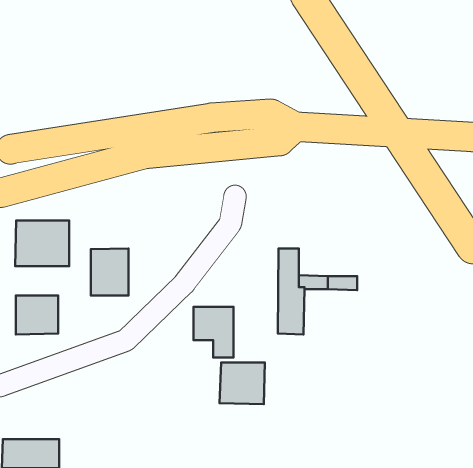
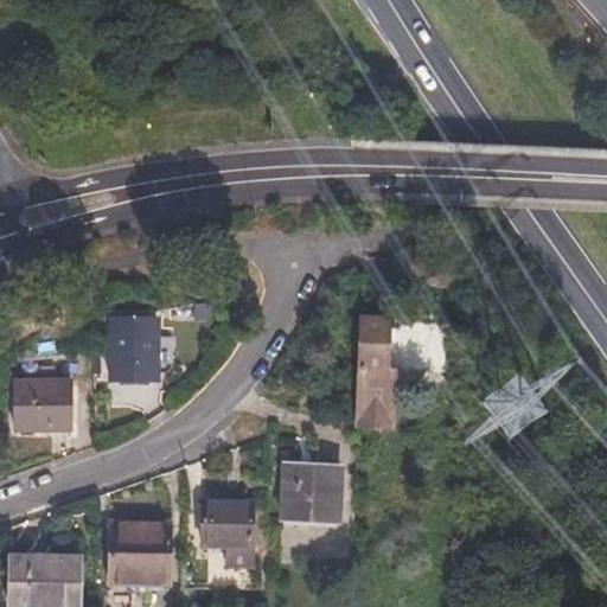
building: [15,220,69,266] -> none
building: [194,307,233,358] -> [200,507,251,573]
building: none -> [107,530,164,584]

